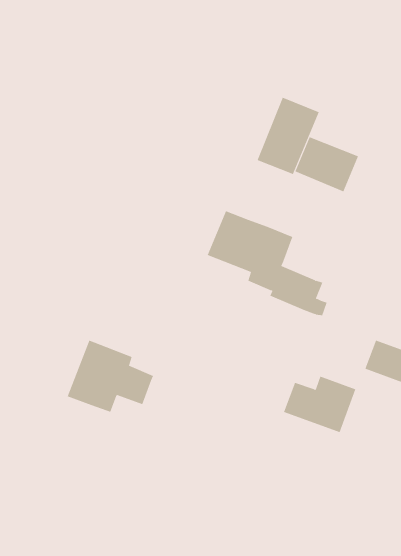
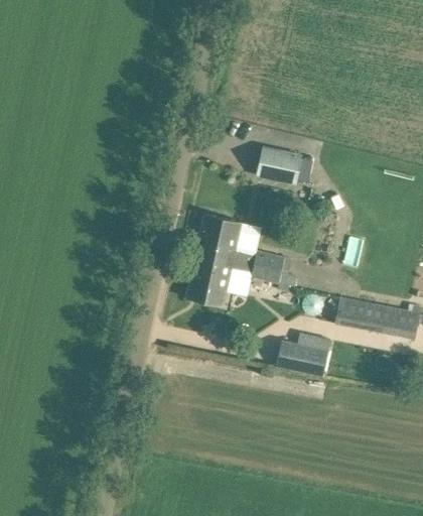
building: [257,97,320,175] -> none
building: [67,340,154,412] -> [187,252,253,306]

